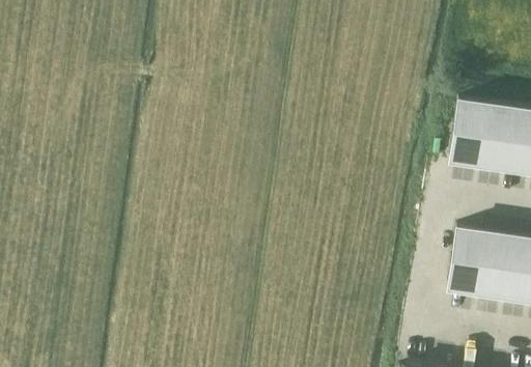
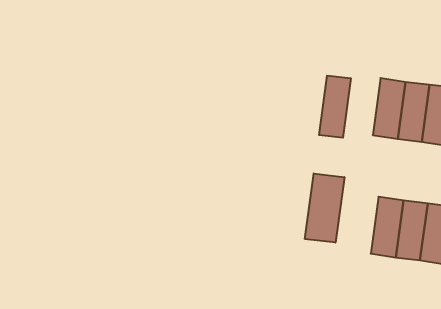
building: none -> [319,76,351,138]
building: none -> [305,173,344,243]

